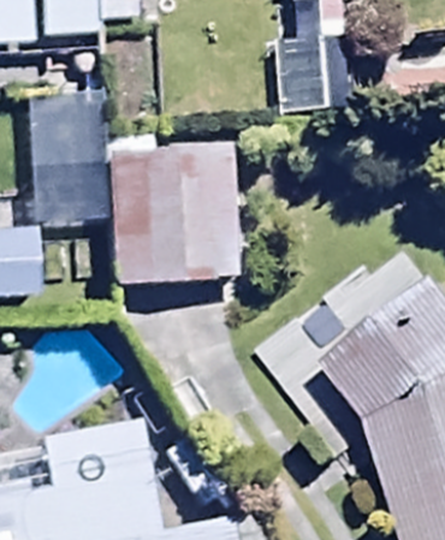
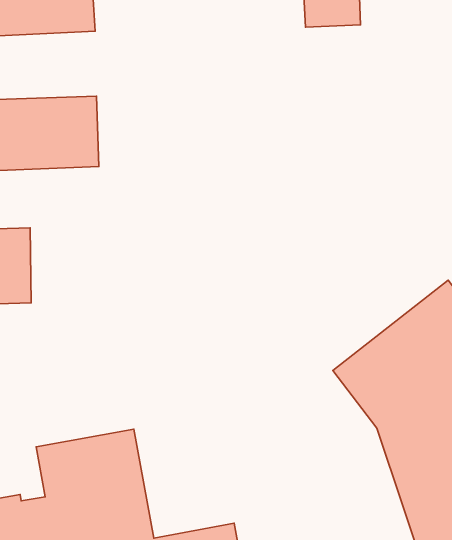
building: [103,148,241,280] -> none

